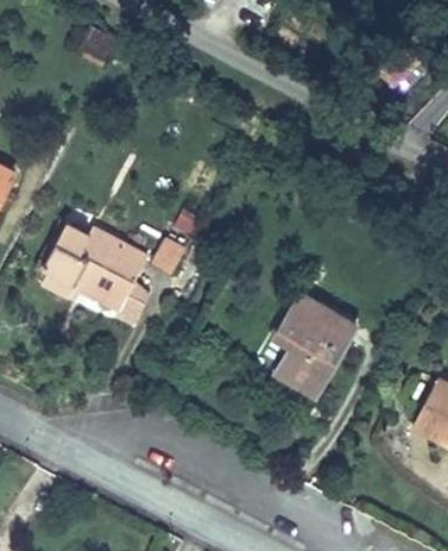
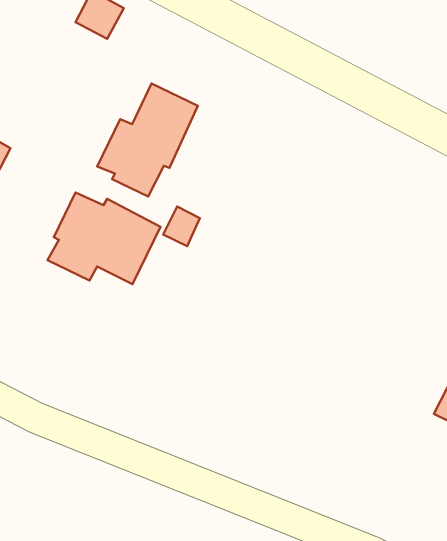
building: none -> [97,84,198,197]
building: [273,296,355,394] -> none

